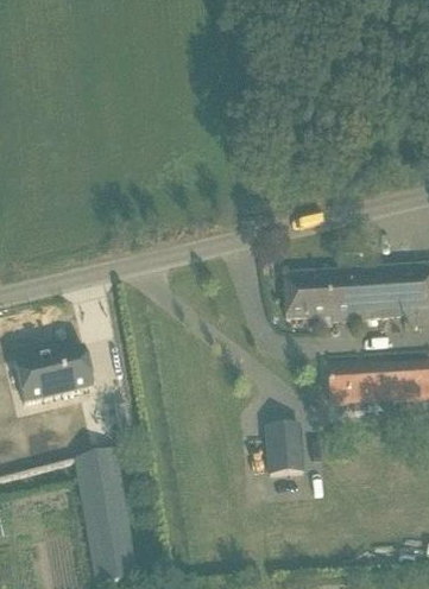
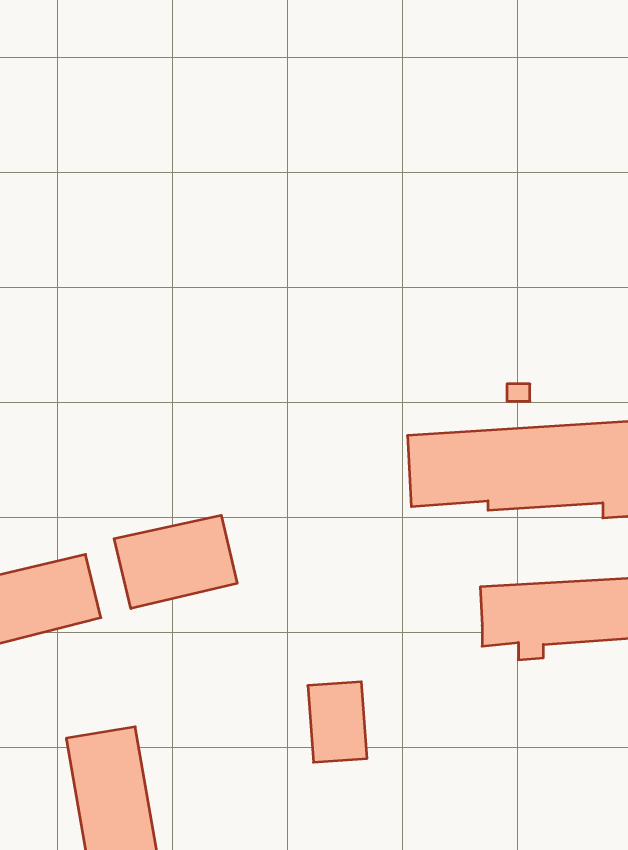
building: none -> [114,515,237,609]
building: [266,423,303,473] -> [308,682,367,762]

